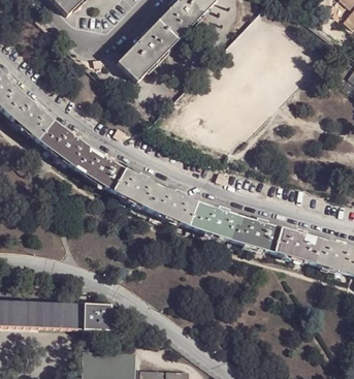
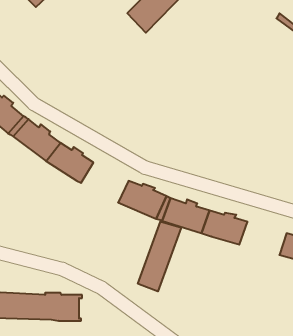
building: [118,20,178,81] -> none
building: [112,169,160,210] -> none
building: none -> [138,221,181,291]
building: [271,229,319,262] -> none

